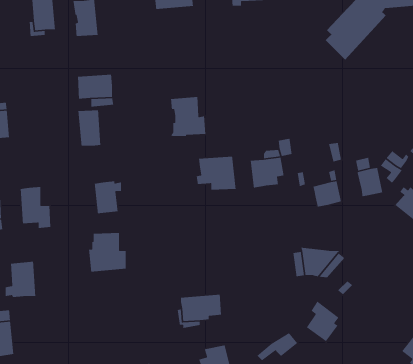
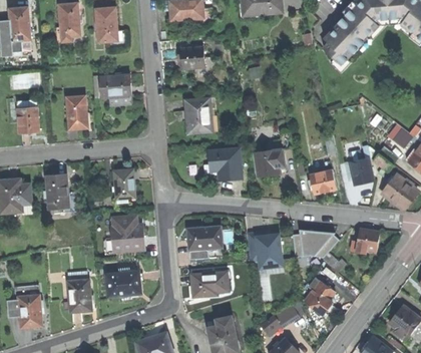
building: none -> [178,44,203,65]
building: [78,109,101,146] -> [66,96,87,129]
building: none -> [188,227,222,260]
building: none -> [350,229,379,254]
building: none -> [247,232,283,268]
building: [5,261,36,298] -> [64,280,92,313]
building: none -> [106,269,142,298]

